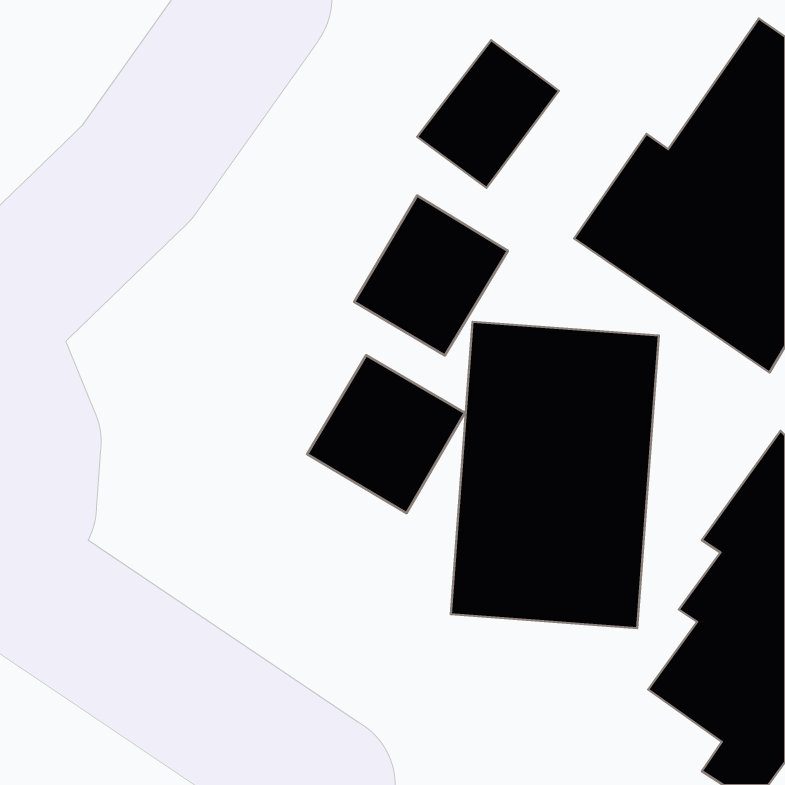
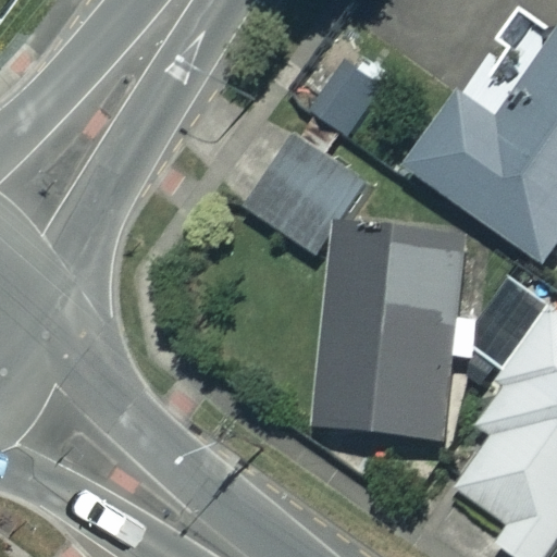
building: [307,355,465,513] -> none

